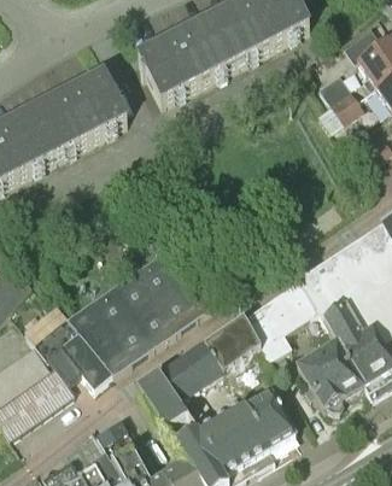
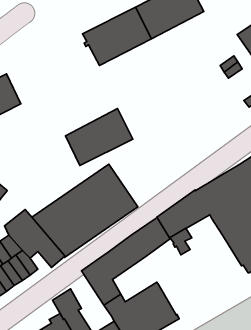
building: [30,74,125,154] -> [65,108,133,166]
building: [296,340,362,409] -> none
building: [245,393,293,452] -> none

